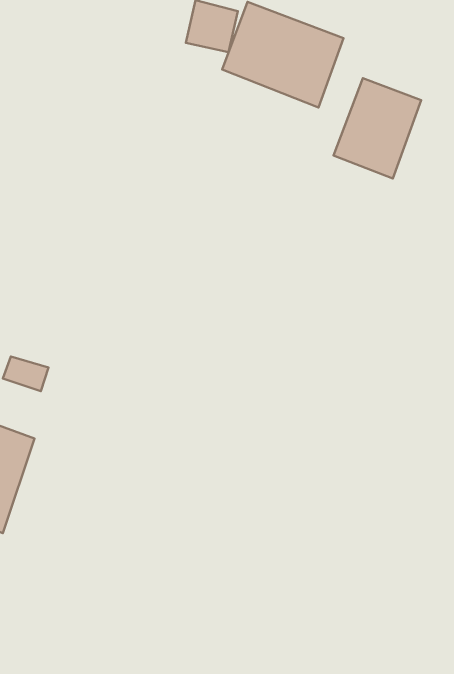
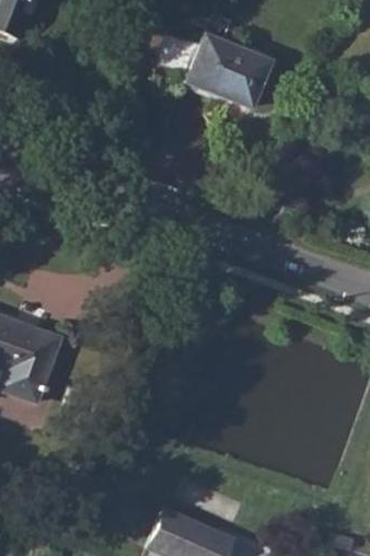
building: [333,78,421,179] -> none

